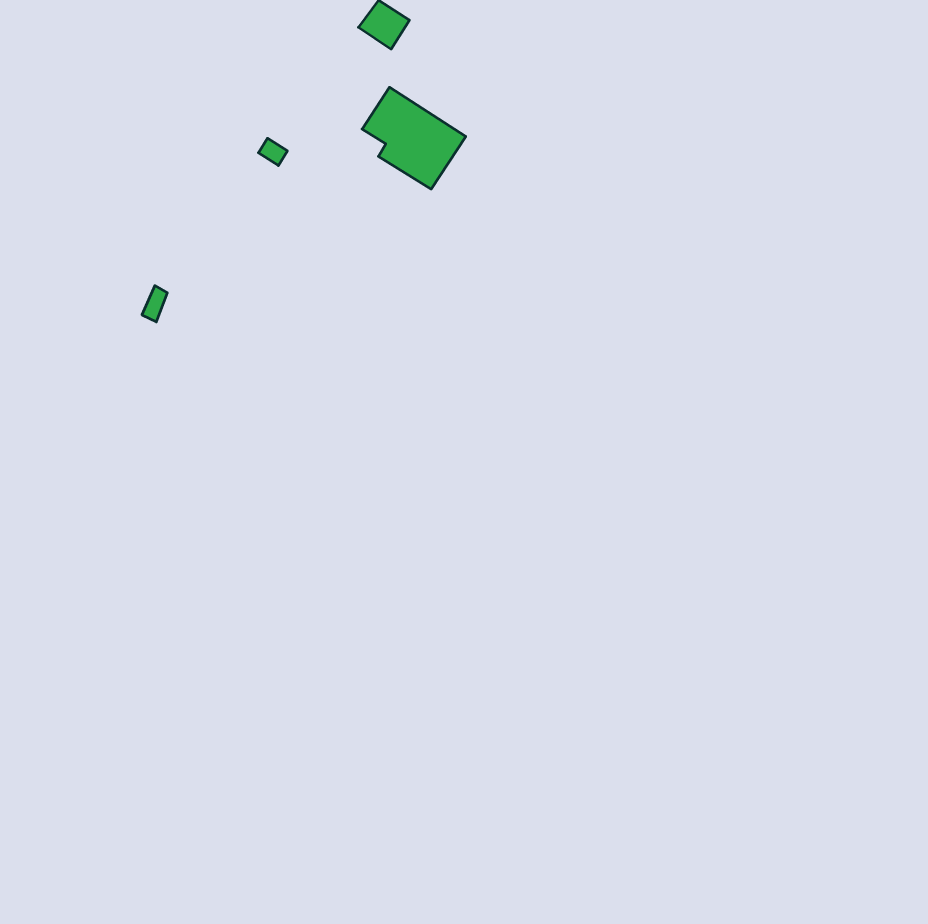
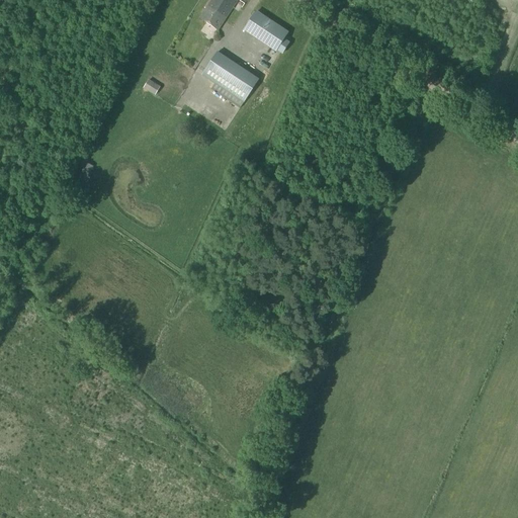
building: none -> [244,8,289,52]

